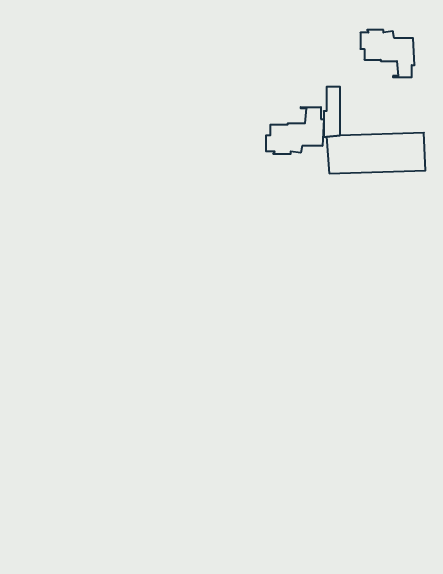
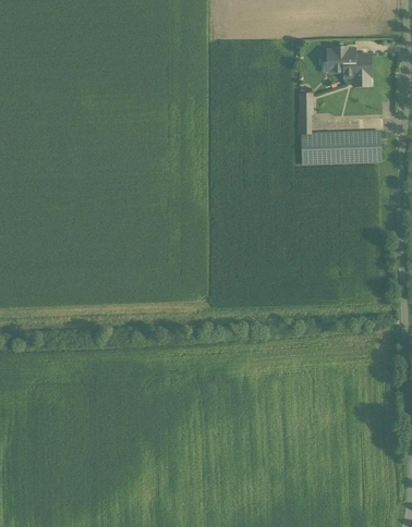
building: [266,107,324,154] -> none

